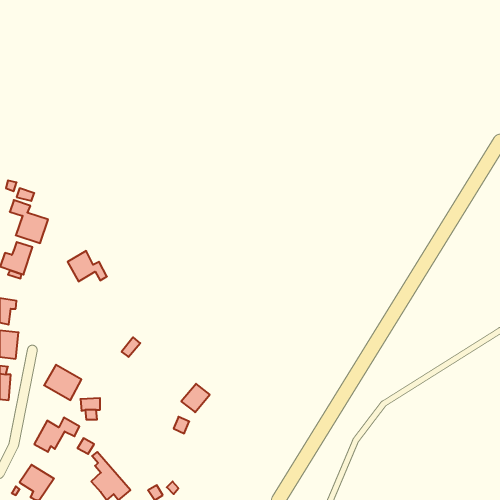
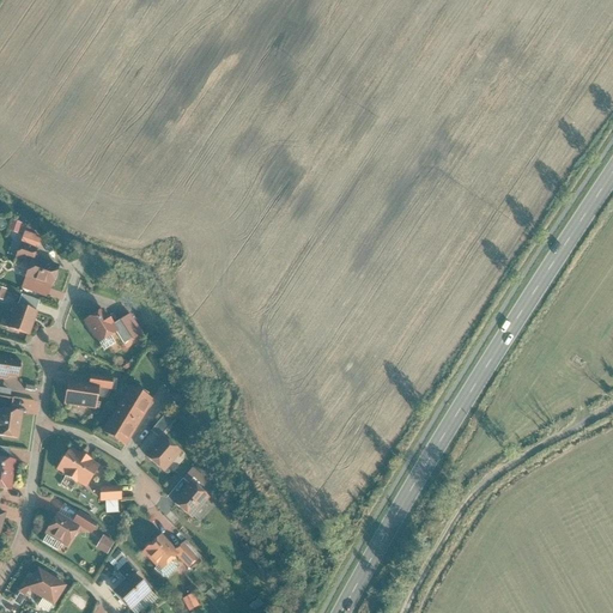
building: none -> [66,374,113,407]
building: none -> [102,384,151,443]
building: none -> [147,437,181,472]
building: [181,384,210,412] -> [172,480,207,515]
building: none -> [142,534,204,579]

